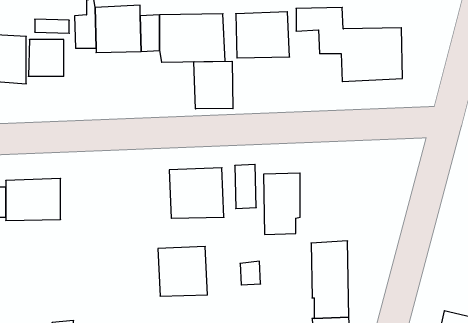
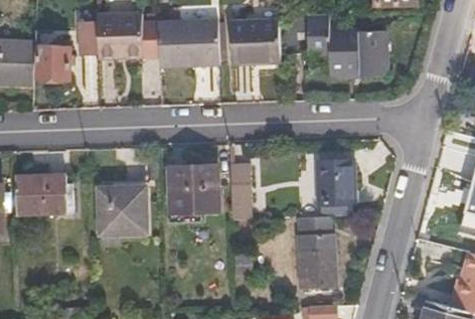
building: [194,61,233,109] -> none
building: [264,173,300,234] -> [315,160,349,217]
building: [158,247,207,296] -> [98,189,144,235]

